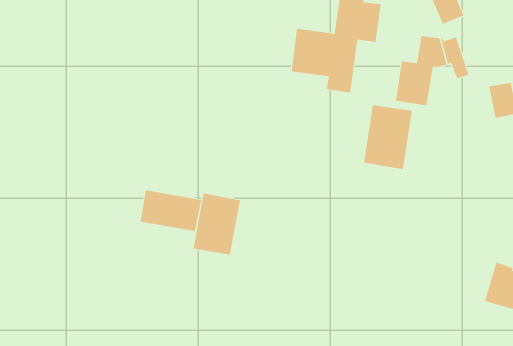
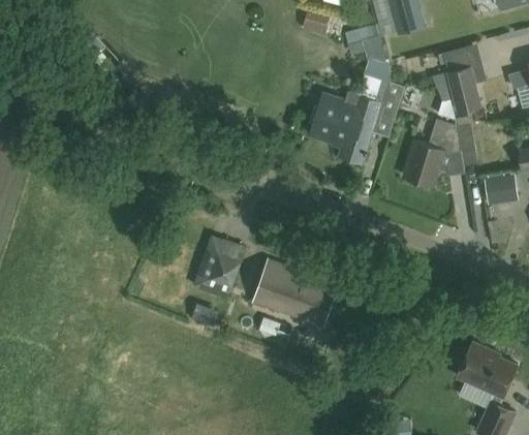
building: [363,105,412,170] -> none
building: [140,189,202,232] -> none
building: none -> [252,257,337,325]

